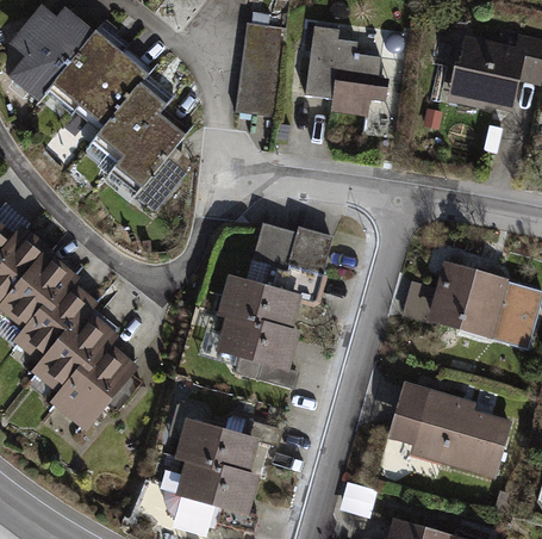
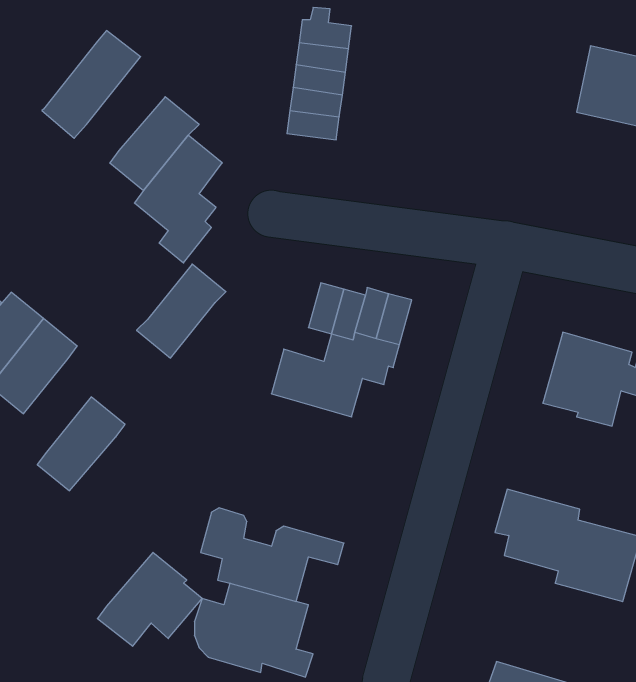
building: [18,13,88,91] -> none
building: [305,25,380,111] -> none
building: [80,50,148,123] -> none
building: [23,284,92,357] -> [137,264,226,358]
building: [222,314,294,386] -> none
building: [60,345,141,417] -> [97,552,202,646]

